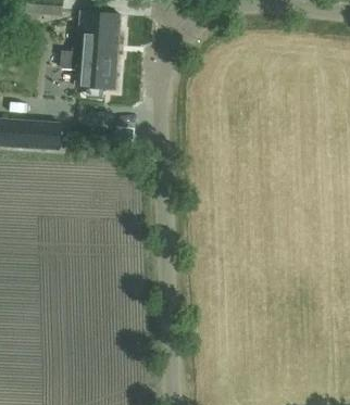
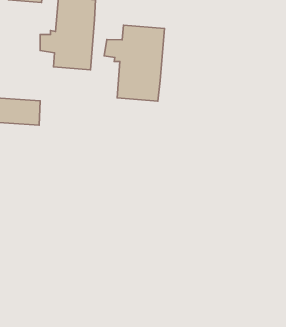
building: none -> [104,25,164,101]

